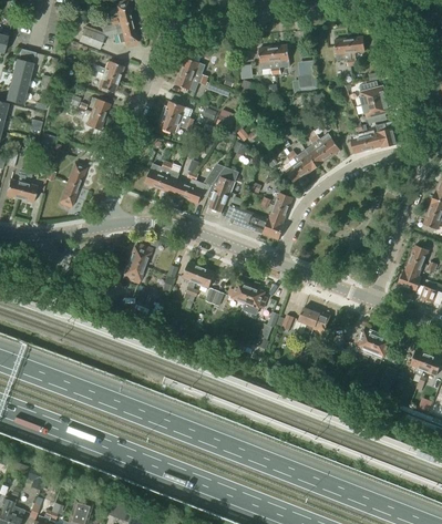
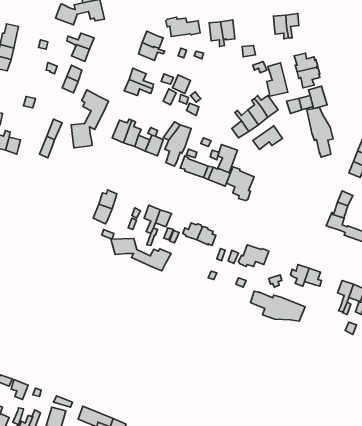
building: none -> [166,17,200,37]
building: none -> [267,63,288,96]
building: none -> [71,90,109,148]
building: none -> [307,107,333,157]
building: none -> [253,126,282,149]
building: none -> [226,167,254,201]
building: none -> [111,238,171,271]
building: none -> [251,291,305,321]

